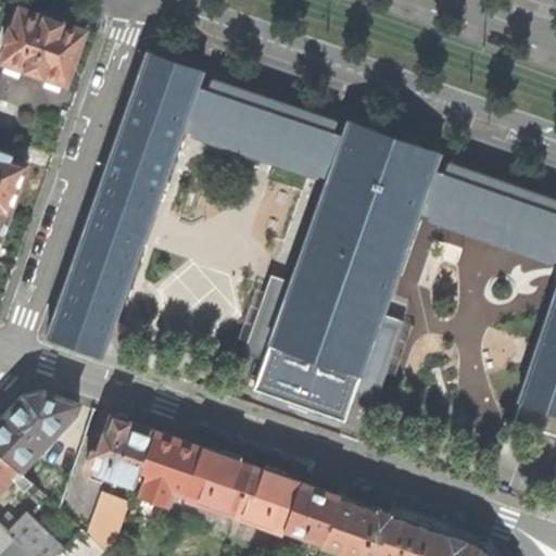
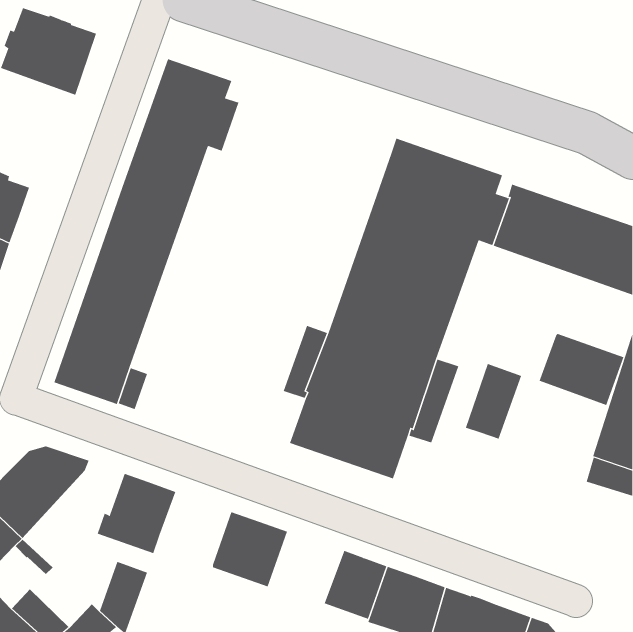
building: [194,79,342,179] -> none
building: none -> [539,333,624,406]
building: none -> [465,363,522,439]
building: [140,432,202,506] -> none
building: [235,467,301,533] -> none

